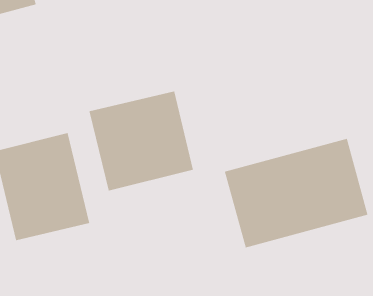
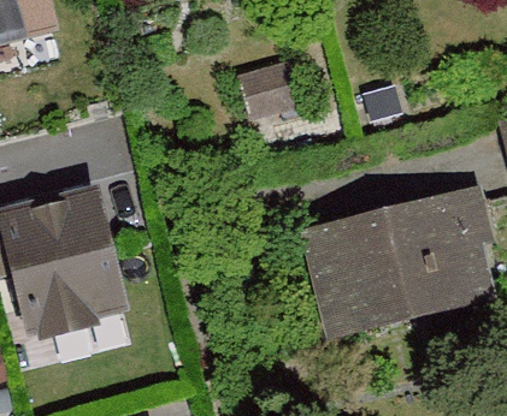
building: [89,90,194,192] -> none

